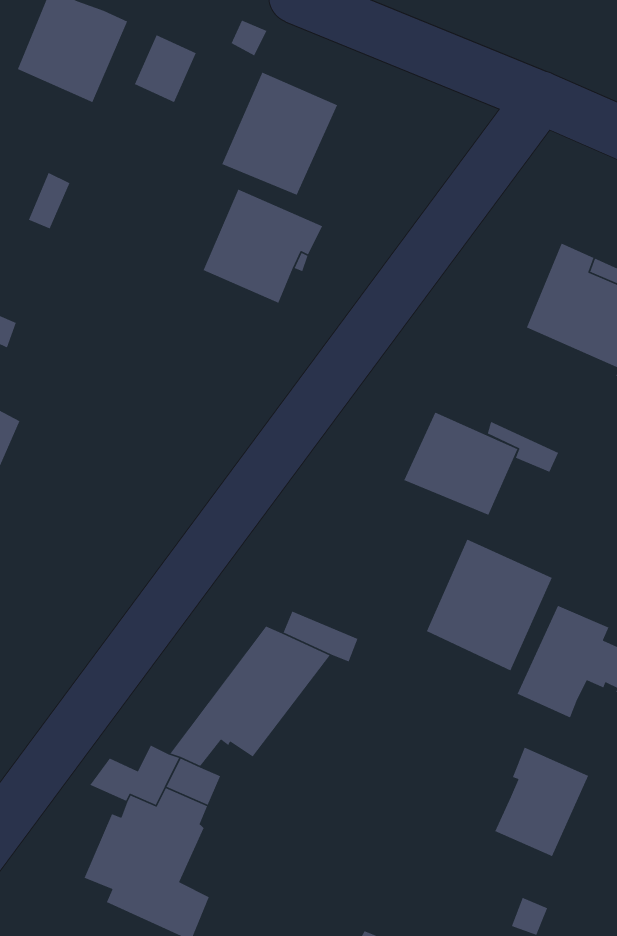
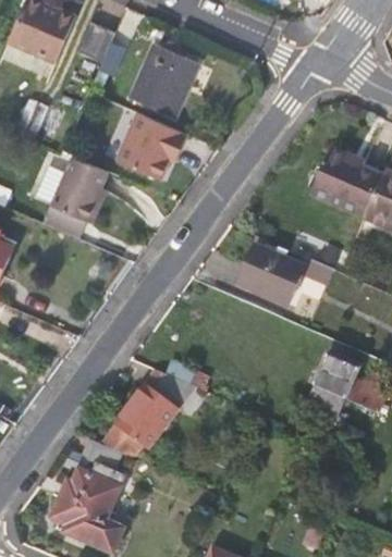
building: none -> [52,156,111,221]
building: [426,539,553,672] -> none
building: [494,746,589,857] -> none

